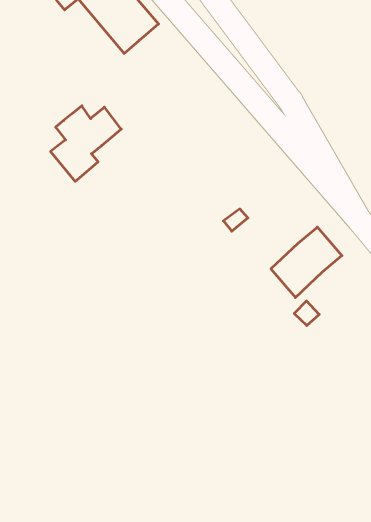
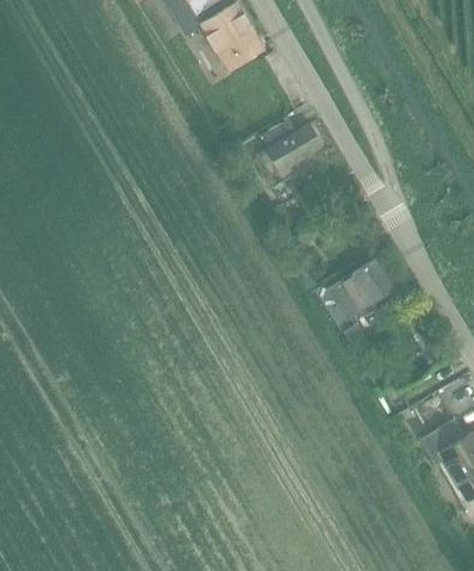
building: [51,106,121,181] -> [252,119,320,187]

